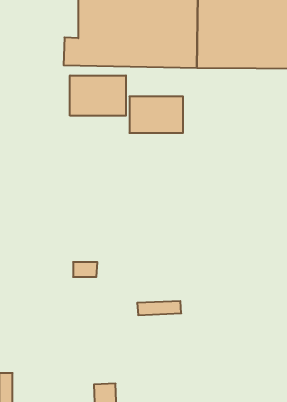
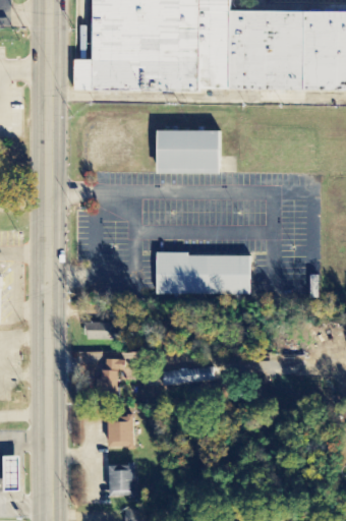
building: [70,75,126,116] -> none
building: none -> [155,250,249,292]
building: none -> [101,359,127,394]
building: none -> [112,415,138,449]

